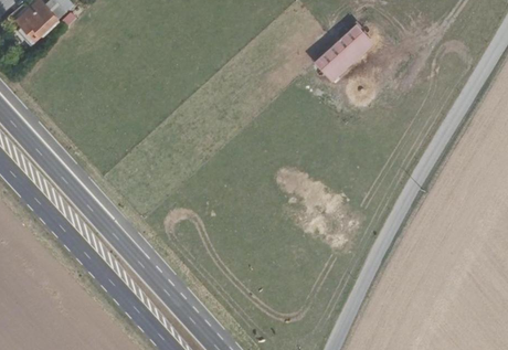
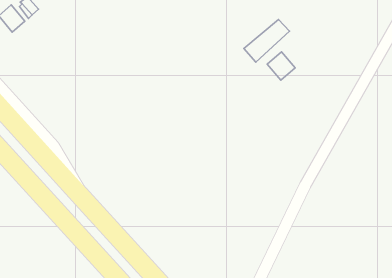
building: none -> [267,52,295,80]

